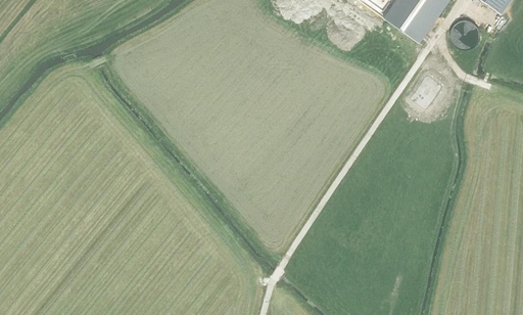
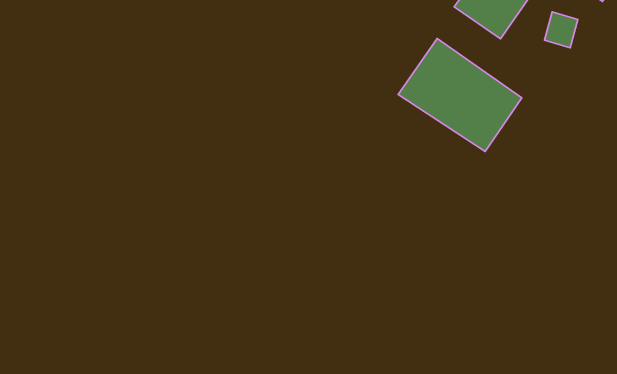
building: none -> [398,39,522,151]

